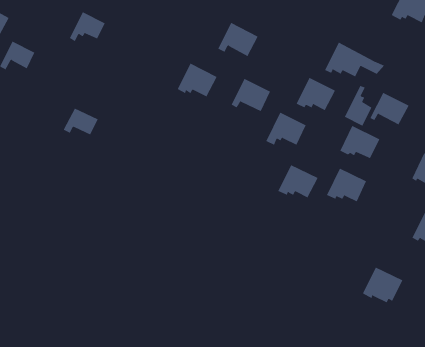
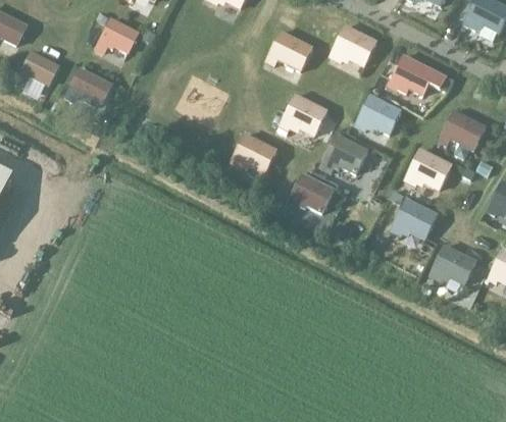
building: none -> [330,24,375,63]
building: [177,63,218,97] -> [231,134,277,173]
building: [344,85,372,126] -> none
building: [63,108,99,135] -> [69,70,110,102]
building: [278,164,318,198] -> [288,172,335,211]
building: [362,267,403,303] -> [429,244,476,285]

